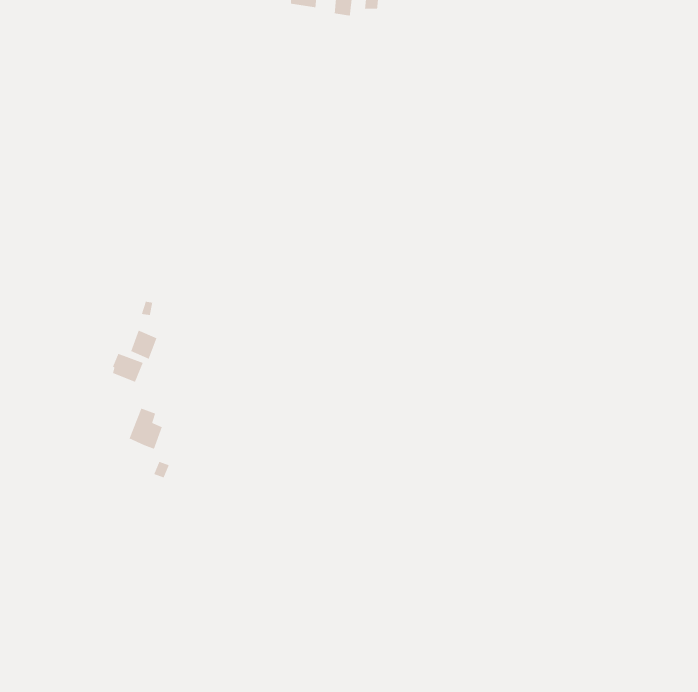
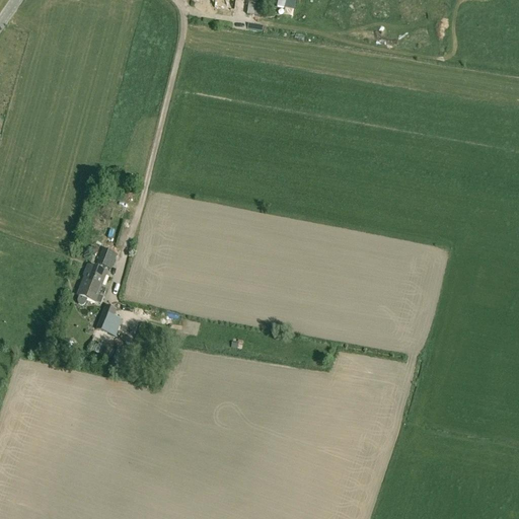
building: none -> [78,277,104,302]

